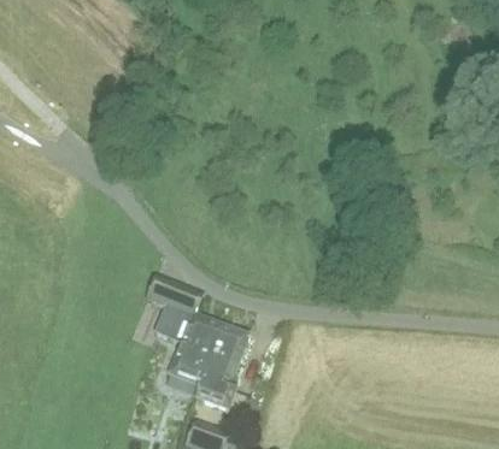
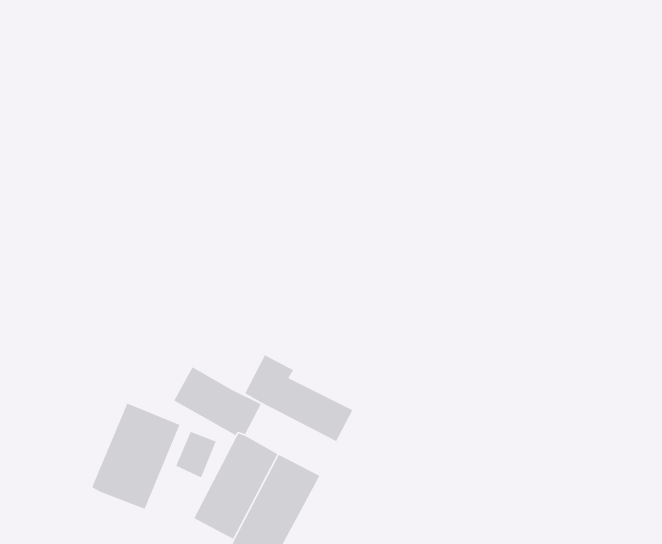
building: none -> [244,354,353,442]
building: none -> [92,403,180,510]

